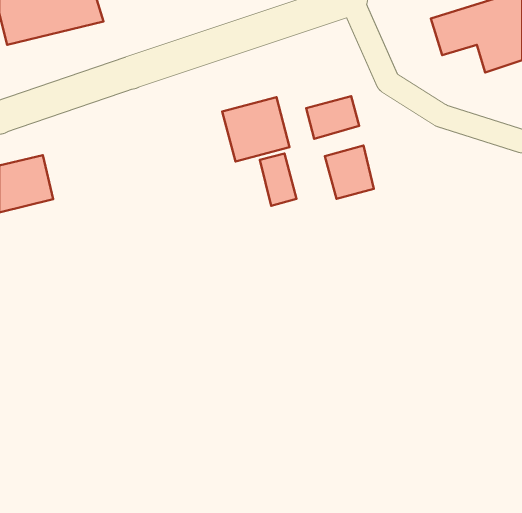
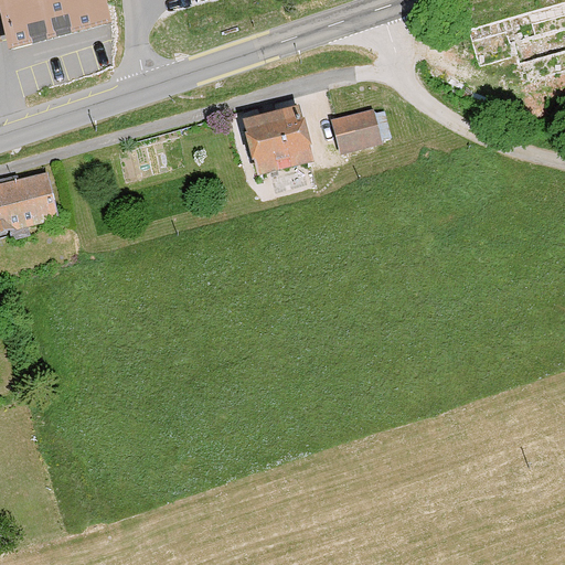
building: [325,145,374,199] -> none
building: [260,153,296,206] -> none

